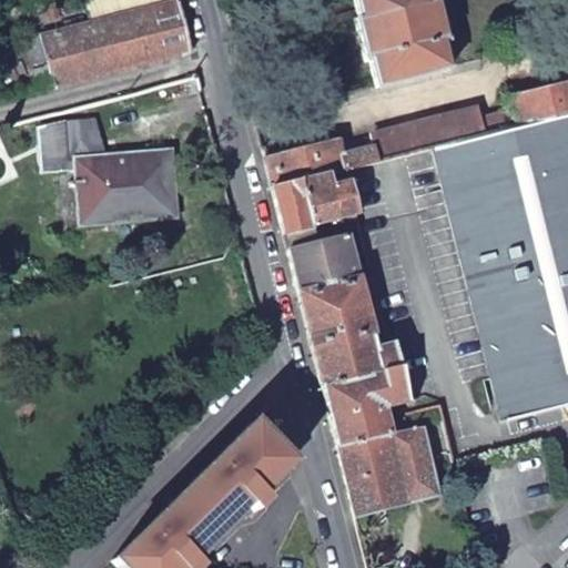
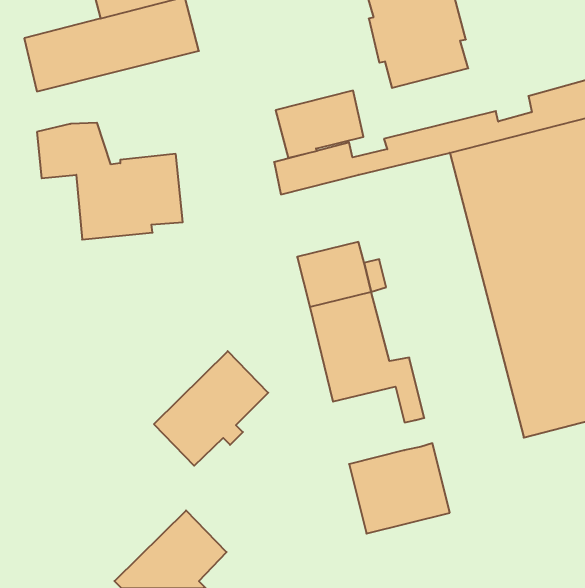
building: [275,168,359,232] -> [276,91,363,158]
building: [325,371,394,445] -> none
building: [184,419,294,529] -> [154,351,268,466]

